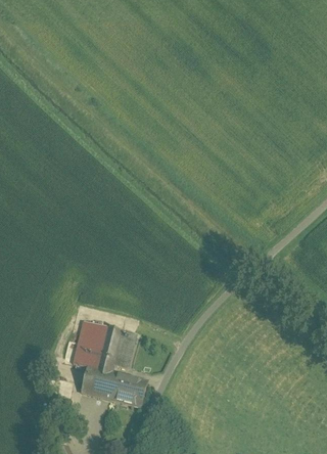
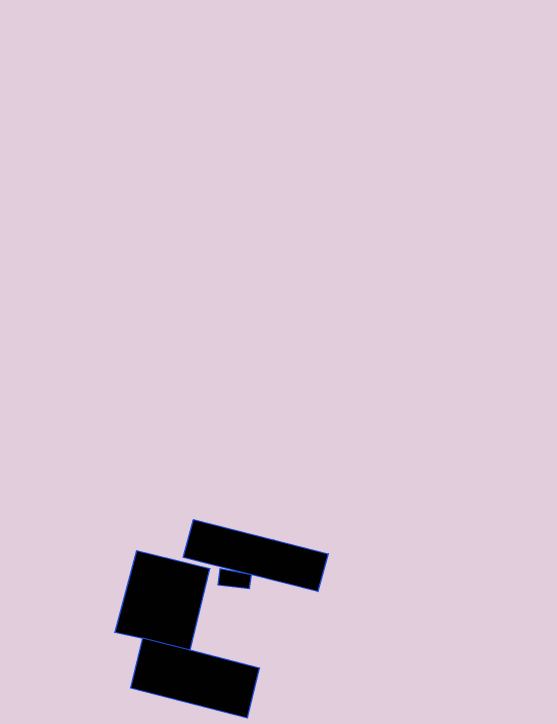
building: none -> [183,520,328,592]

